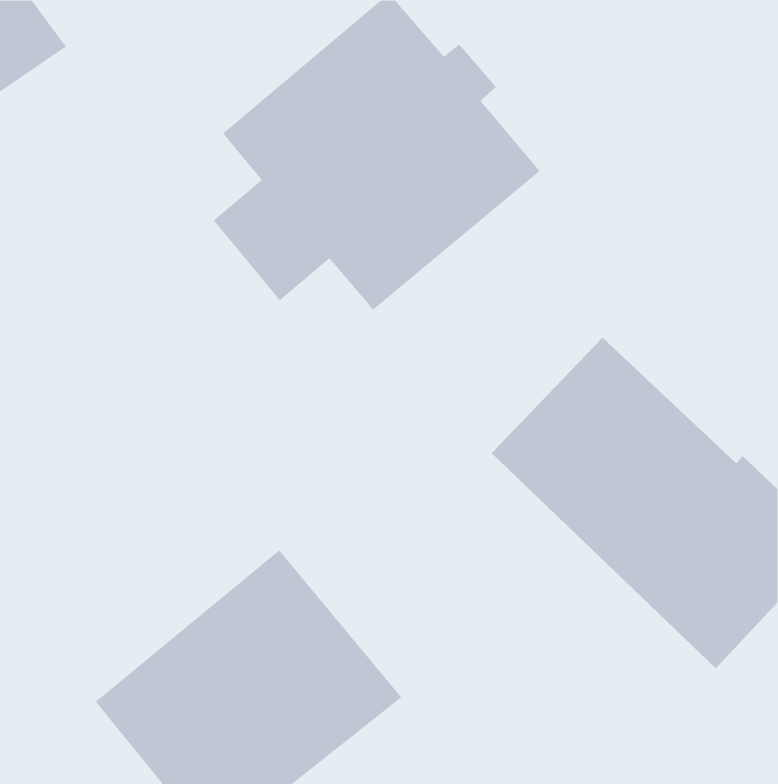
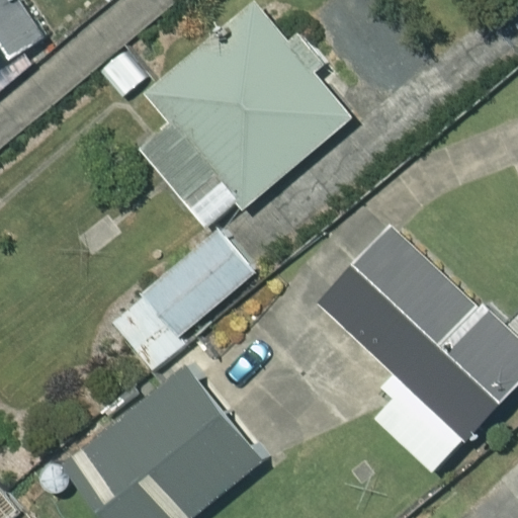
building: none -> [107,231,256,372]

